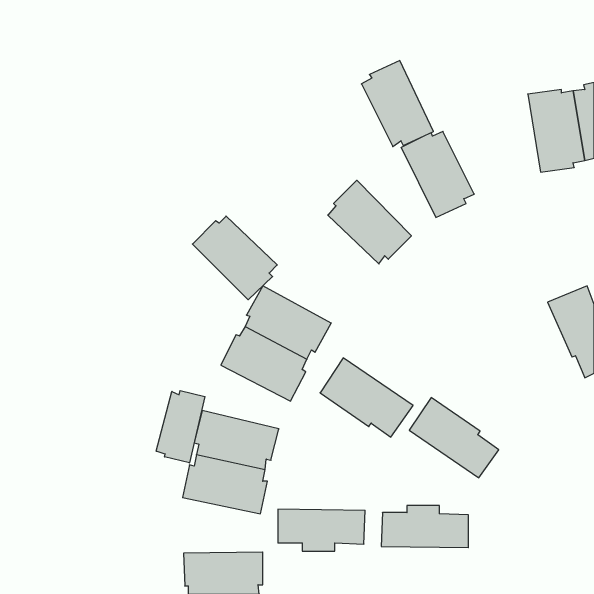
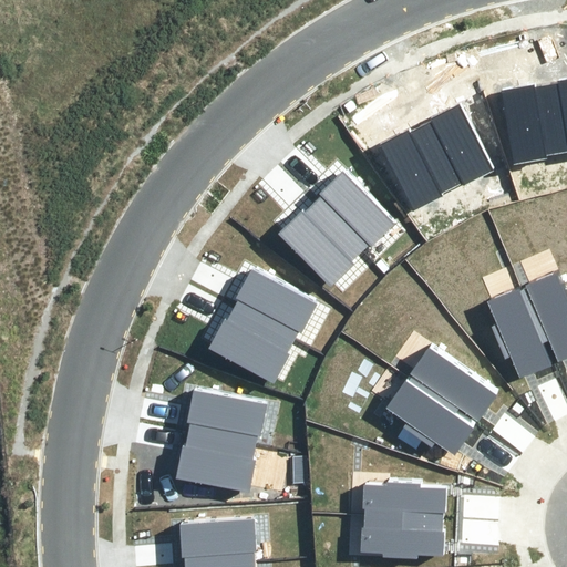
building: [361,61,433,147] -> [422,103,491,185]
building: [192,216,277,300] -> [280,205,361,285]
building: none -> [487,288,550,378]
building: [320,358,413,437] -> [411,346,499,421]
building: [156,391,205,463] -> none
building: [278,509,365,551] -> [363,520,446,560]

